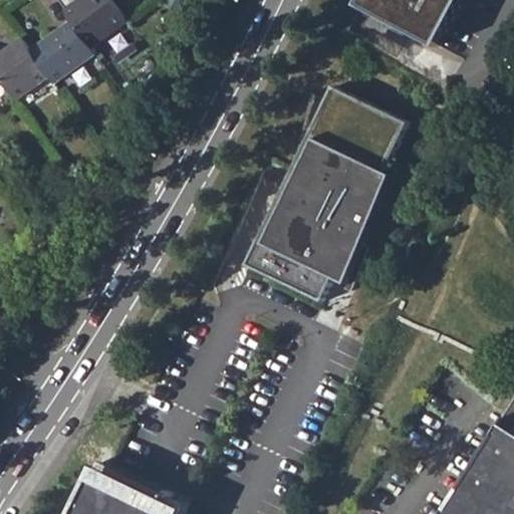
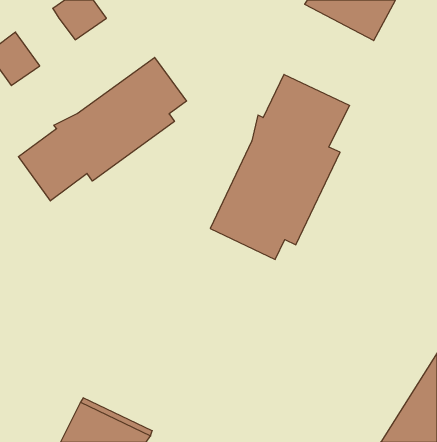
building: [27,21,92,83] -> none
building: none -> [18,57,187,201]

